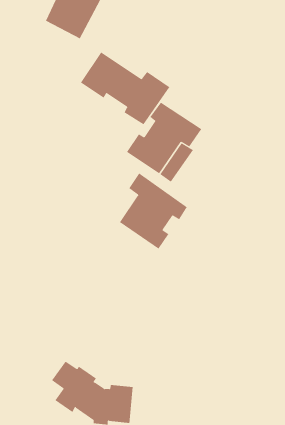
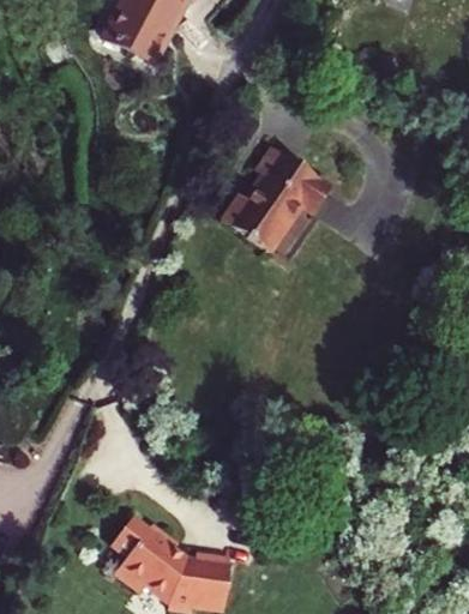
building: [80,52,170,125] -> none
building: [119,173,188,250] -> none

